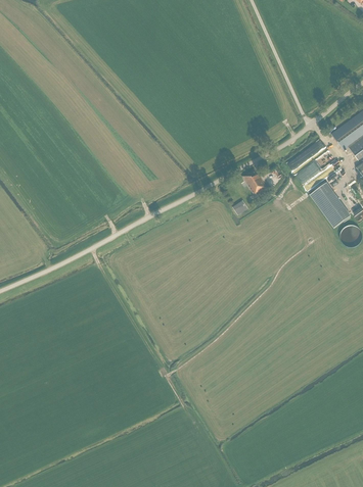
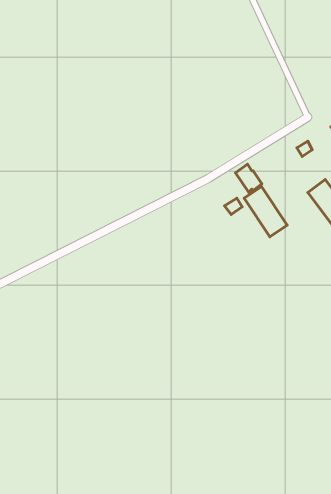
building: none -> [244,187,287,237]

